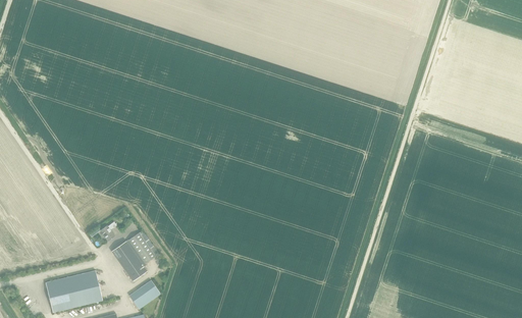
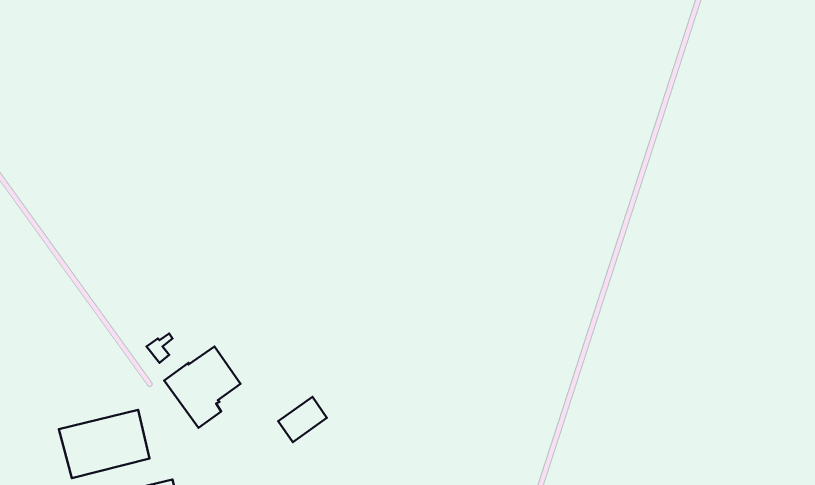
building: [128,279,159,308] -> [278,397,327,442]

